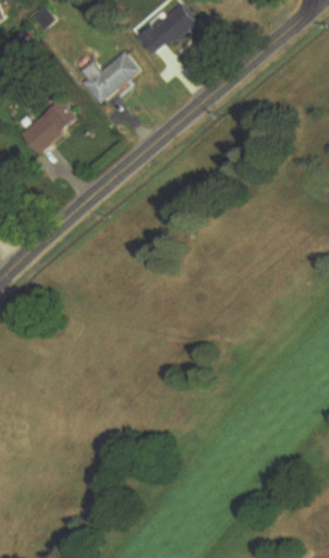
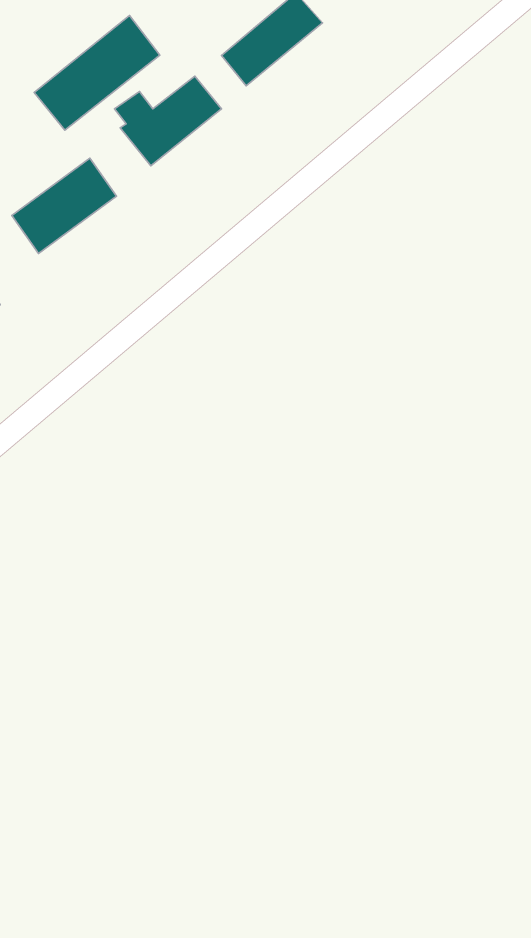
building: none -> [34,15,160,130]

